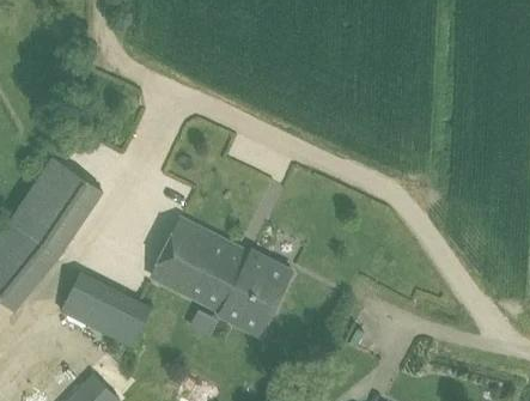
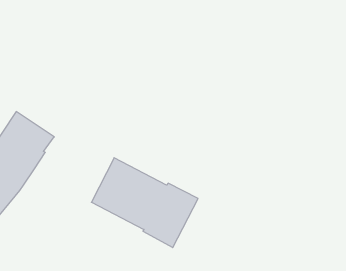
building: [60,271,152,347] -> none

